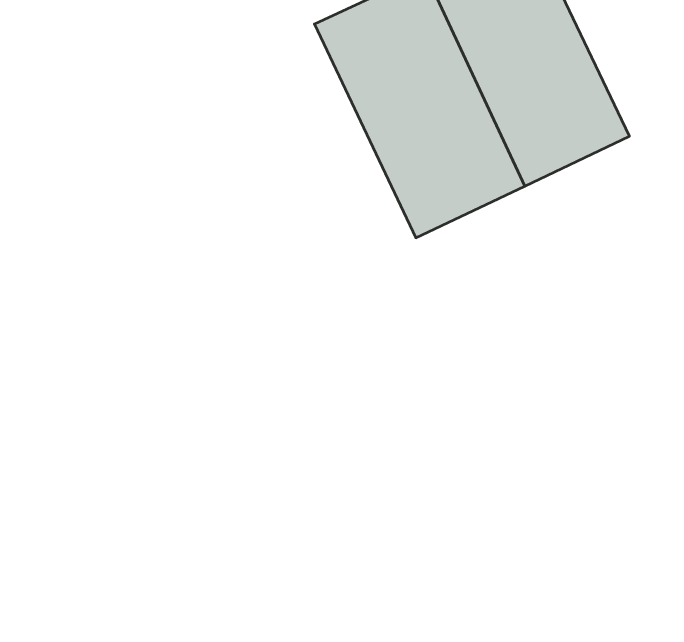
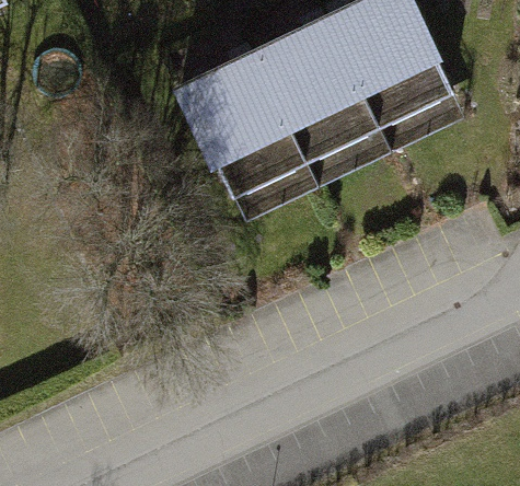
building: none -> [175,40,319,224]

